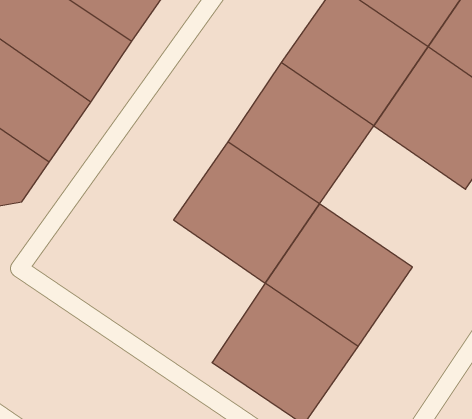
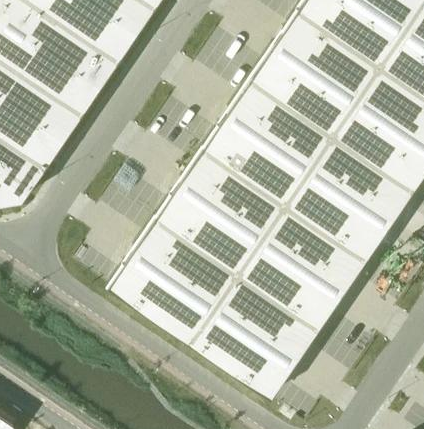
building: none -> [284,135,413,260]
building: none -> [107,218,236,344]

